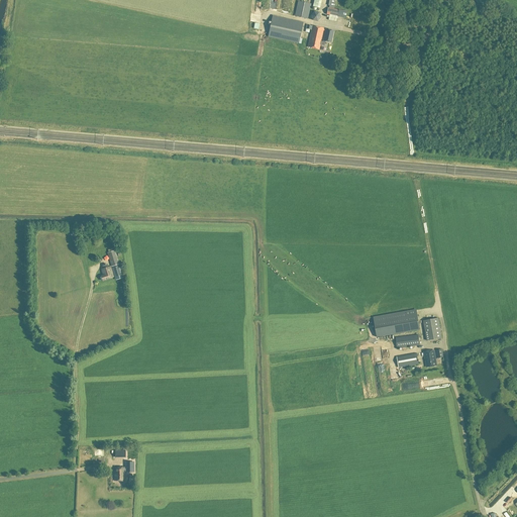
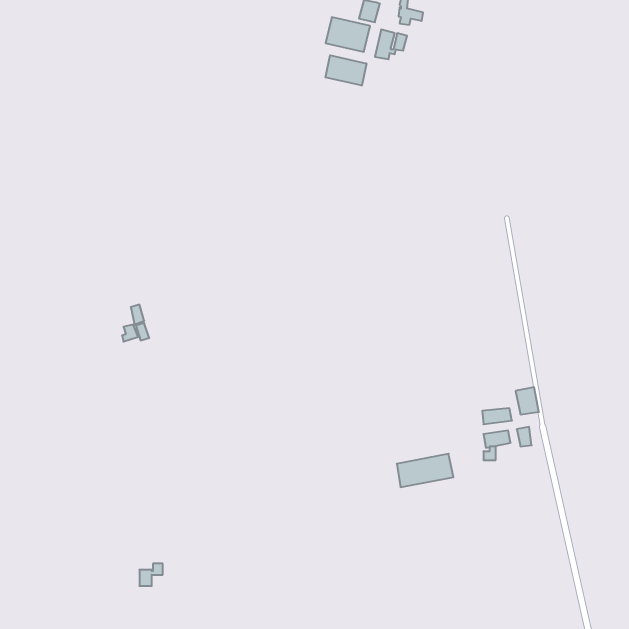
building: none -> [325,55,366,86]
building: [373,309,419,336] -> [397,454,453,487]

